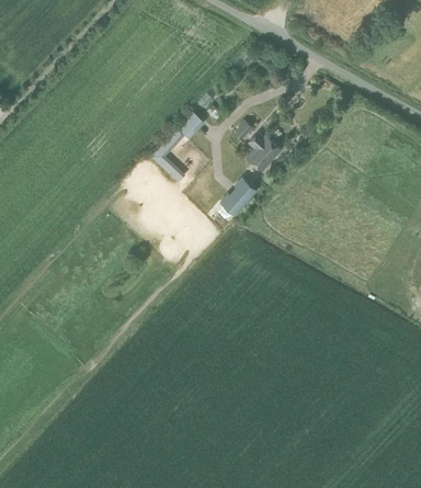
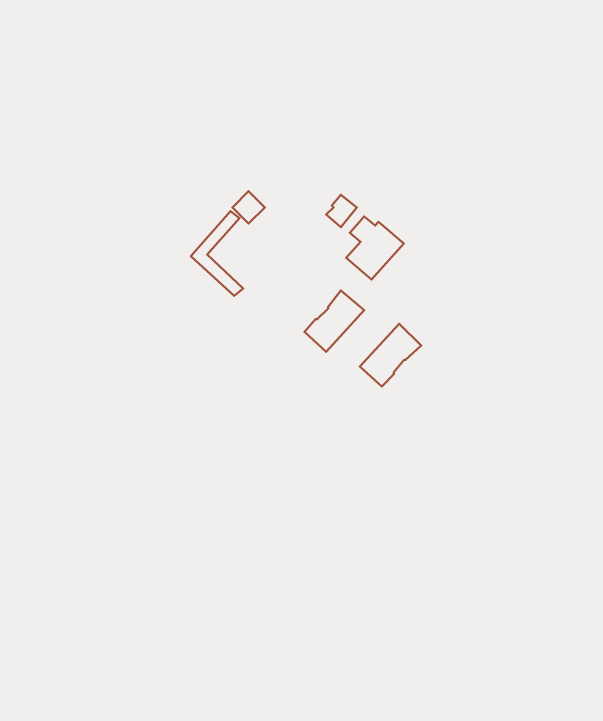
building: none -> [360,324,421,386]

